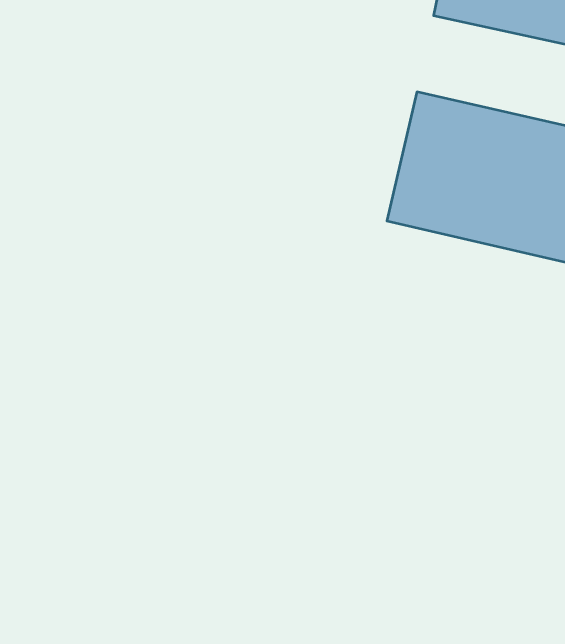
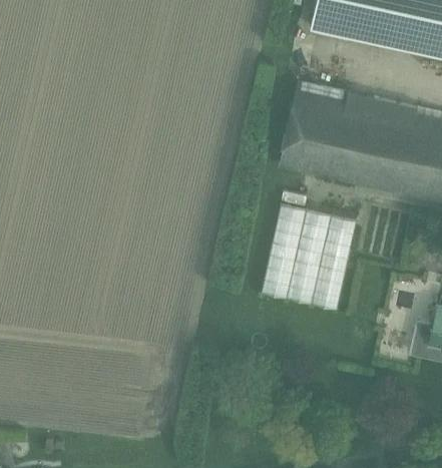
building: none -> [262,204,356,310]

